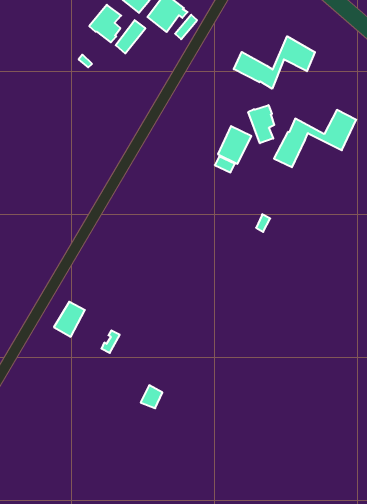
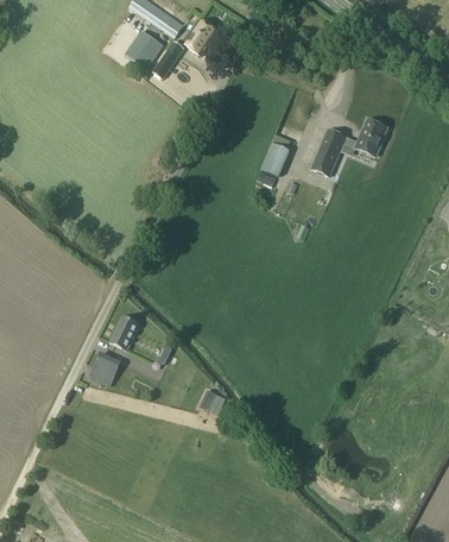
building: [234,36,315,89] -> none
building: [248,105,274,143] -> none
building: none -> [90,352,121,385]

